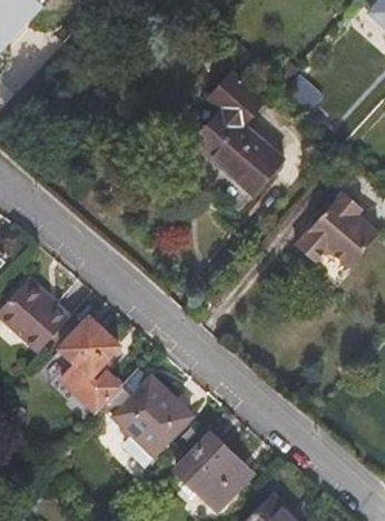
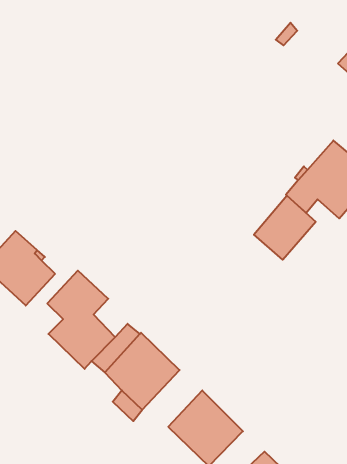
building: [192,73,283,195] -> none
building: none -> [254,196,316,260]

